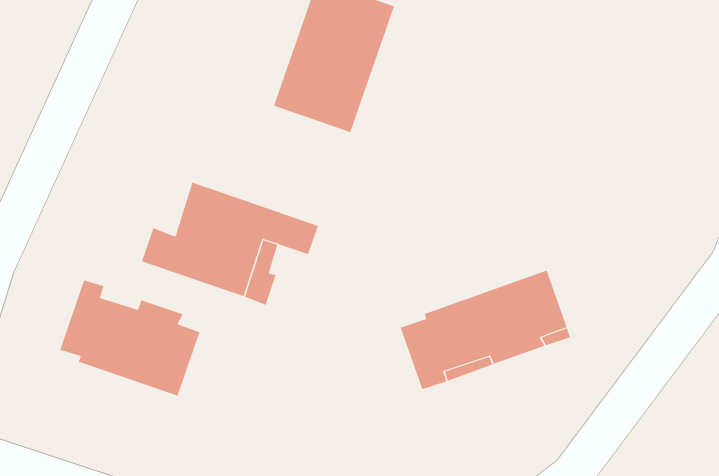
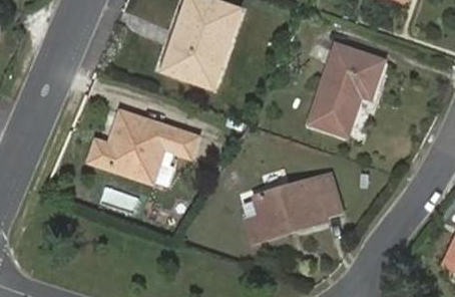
building: none -> [314,42,385,131]
building: [60,280,200,397] -> none

